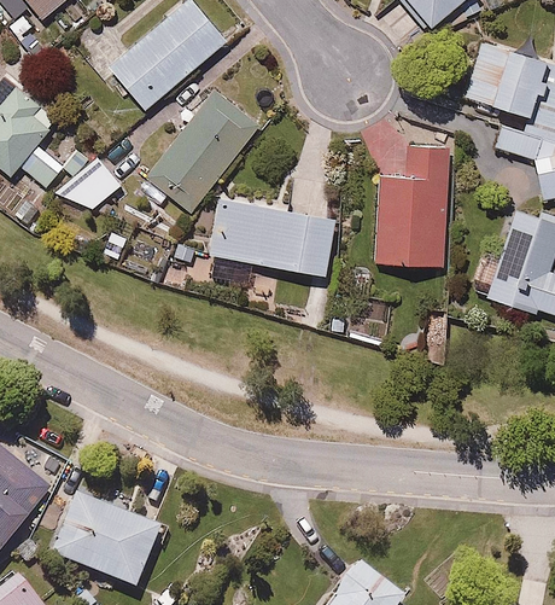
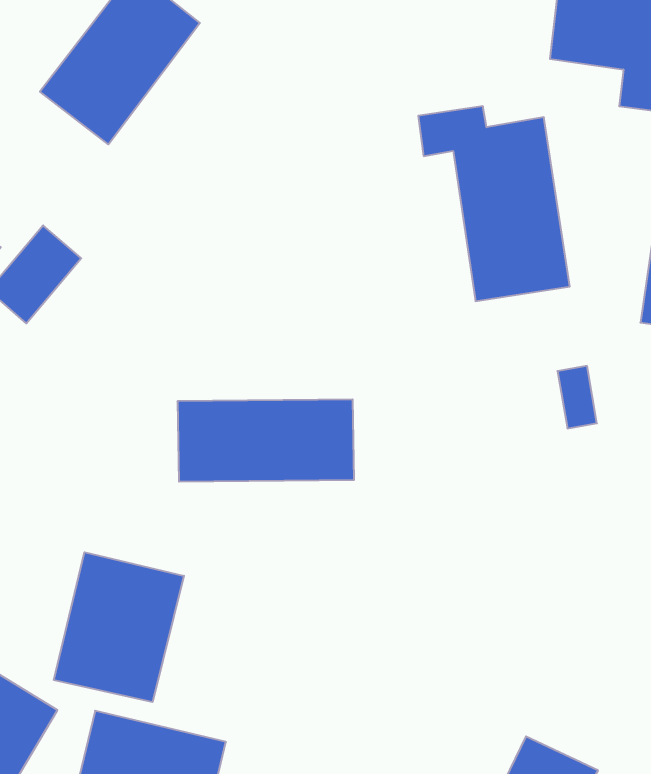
building: [145,89,256,214] -> none
building: [208,197,334,270] -> [177,399,354,482]
building: none -> [54,552,184,702]

